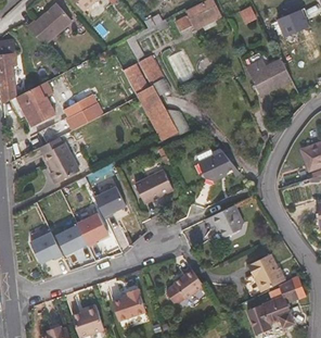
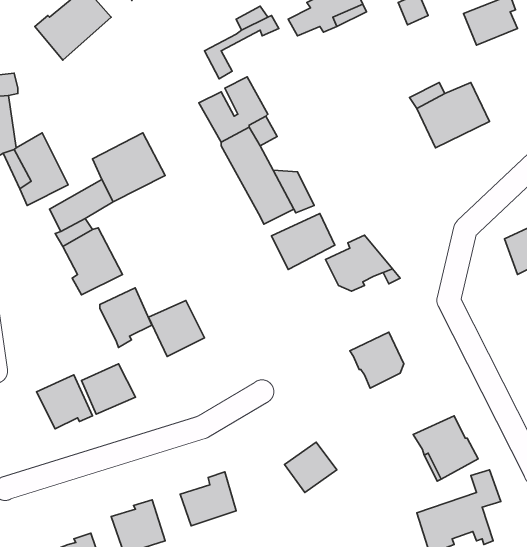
building: [31,80,56,118] -> none
building: [134,171,171,203] -> [271,214,335,269]
building: [76,211,106,246] -> [100,288,152,347]

